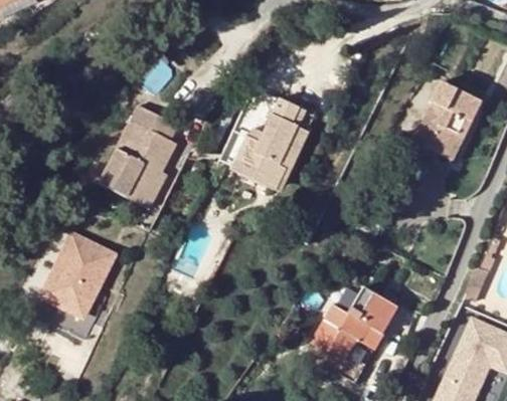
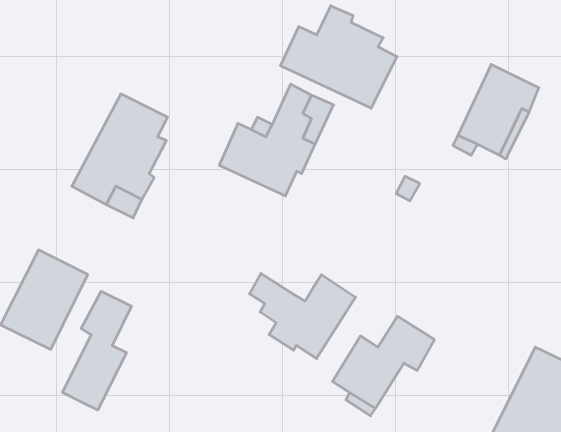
building: none -> [280,6,397,108]
building: none -> [249,273,356,359]
building: none -> [63,291,131,410]

